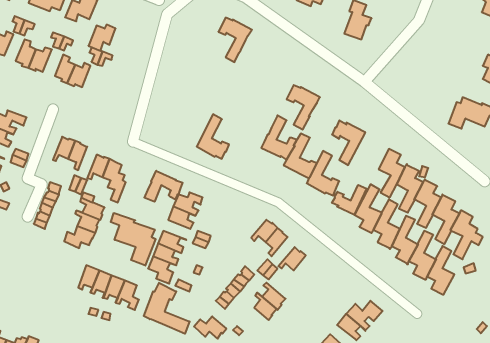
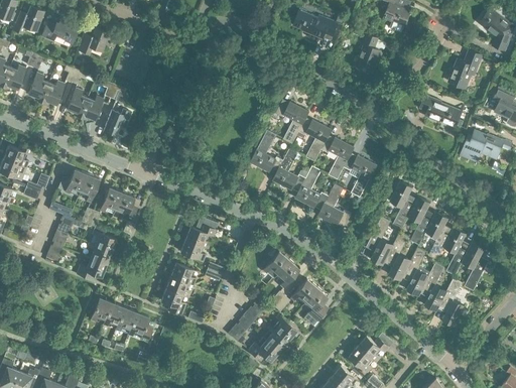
building: none -> [447,49,482,89]
building: [218,18,252,62] -> [275,100,308,144]
building: [88,25,116,51] -> [103,109,130,135]
building: none -> [418,95,461,127]
building: none -> [319,136,353,179]
building: [197,114,229,159] -> [250,130,282,174]
building: [144,171,183,202] -> none
building: [332,185,367,215] -> none
building: [111,213,156,266] -> none
building: none -> [302,287,328,327]
building: [144,283,190,334] -> none
building: [194,316,226,339] -> [247,340,279,362]

